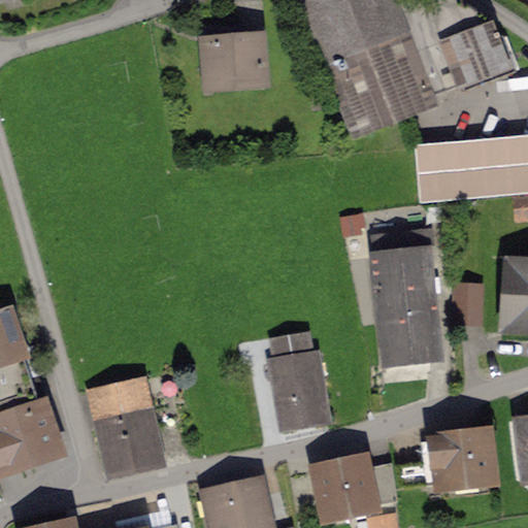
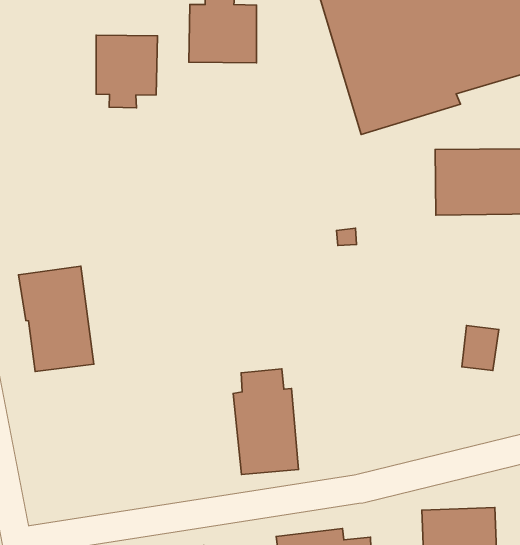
building: none -> [96,35,157,108]
building: [376,234,439,359] -> none
building: [88,383,156,472] -> [18,266,94,372]

